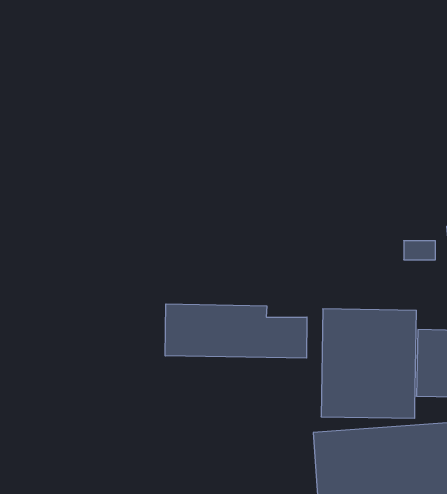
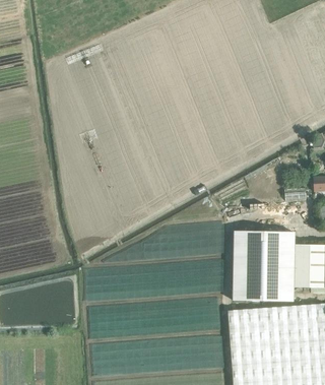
building: [165,304,307,358] -> none

